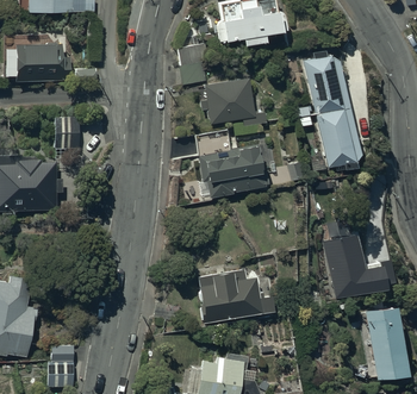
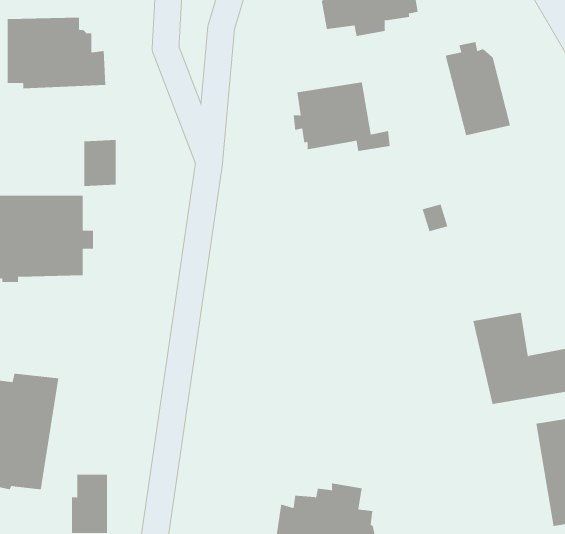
building: [178,45,210,85] -> none
building: [318,107,360,170] -> none
building: [195,129,268,198] -> none
building: [199,269,275,323] -> none

